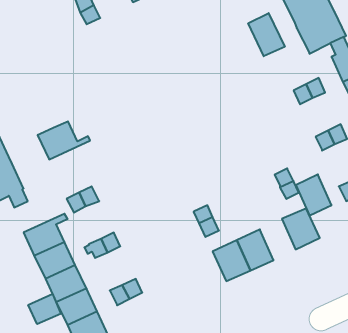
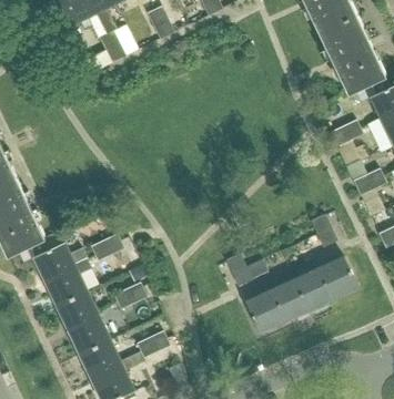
building: [248,13,285,56] -> none
building: [38,121,90,159] -> [32,242,88,282]
building: [296,174,332,216] -> [294,267,332,310]
building: [28,294,61,324] -> none

